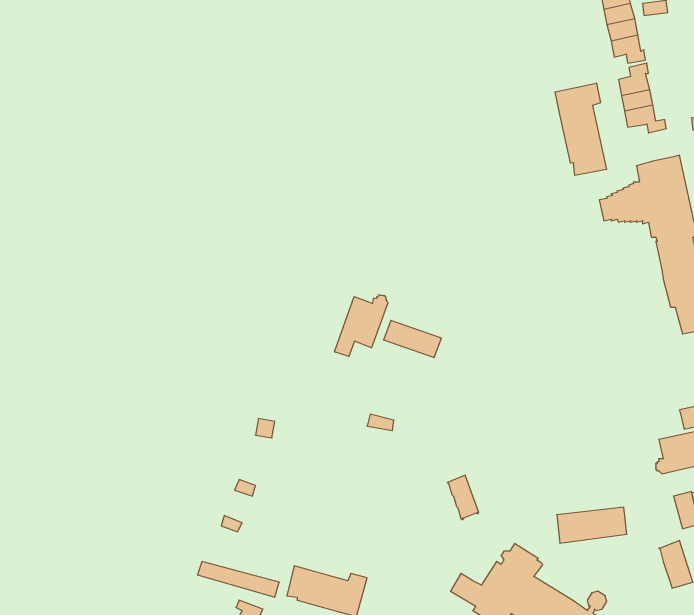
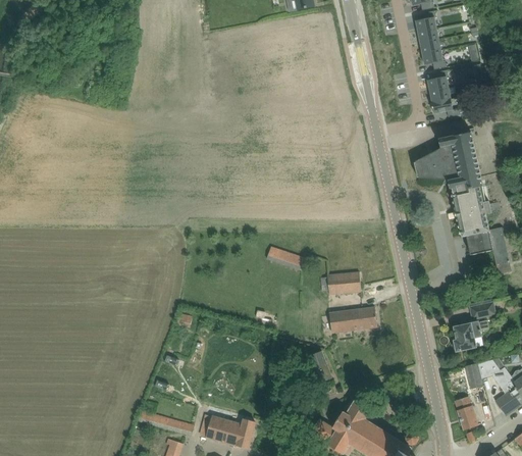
building: [555,83,607,175] -> none
building: [335,295,388,357] -> none
building: none -> [320,271,361,294]
building: [557,507,627,543] -> [329,307,377,332]

